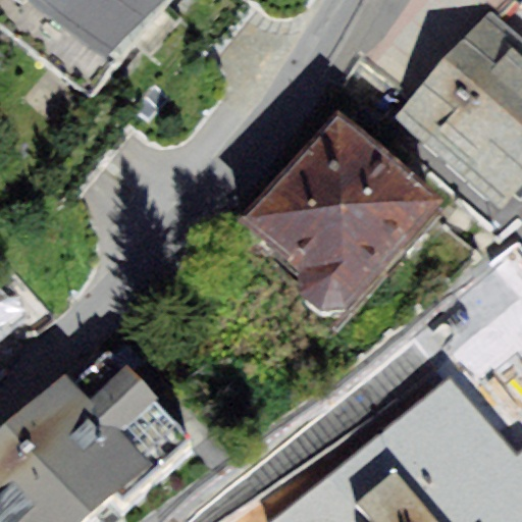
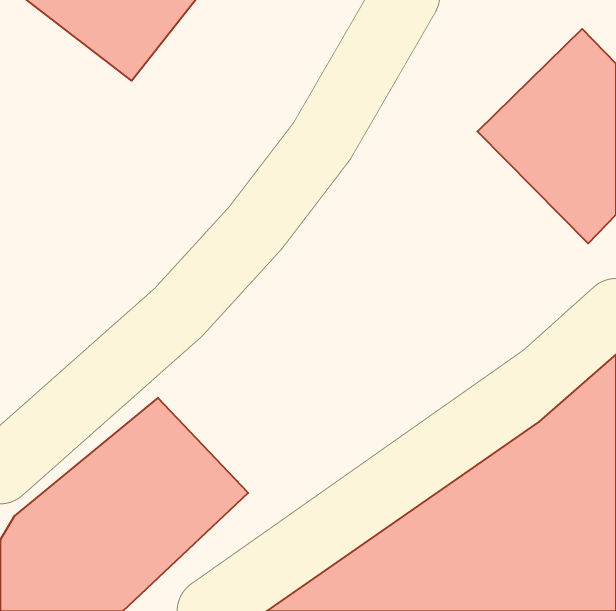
building: [242,124,431,314] -> none

